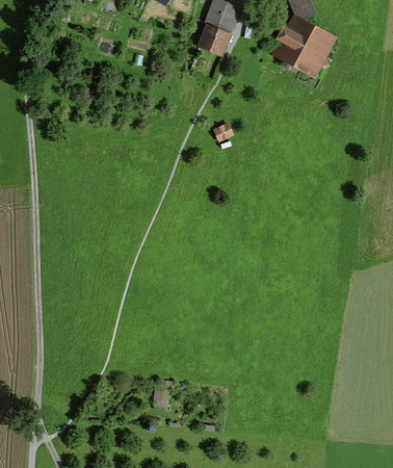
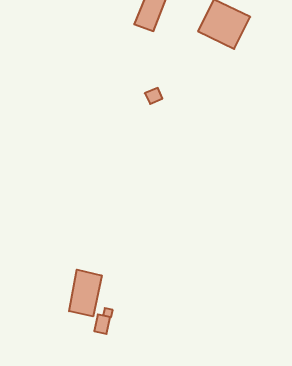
building: none -> [69,270,102,316]

